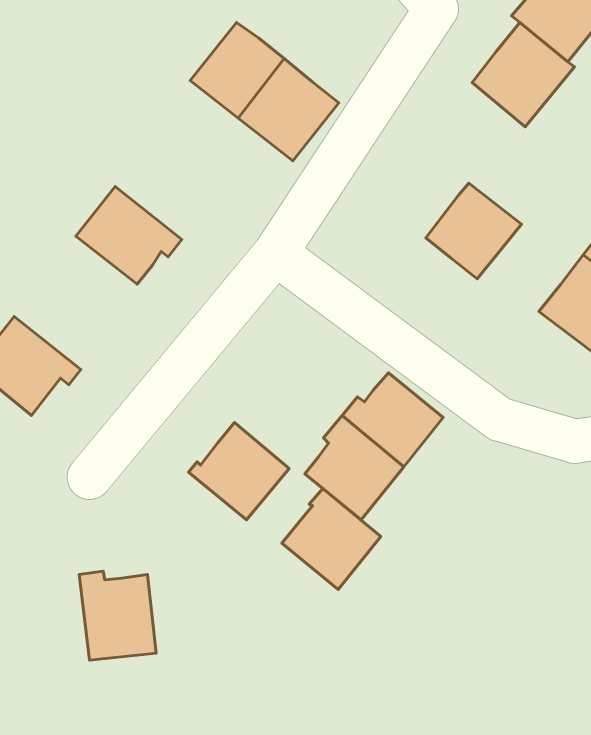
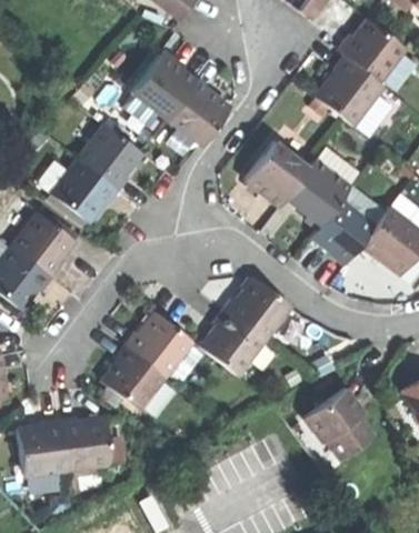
building: none -> [81,129,146,197]
building: none -> [245,142,305,203]
building: none -> [308,199,371,262]
building: none -> [16,213,81,281]
building: [282,489,381,589] -> [102,348,167,413]
building: none -> [303,382,368,451]
building: none -> [12,414,64,475]

